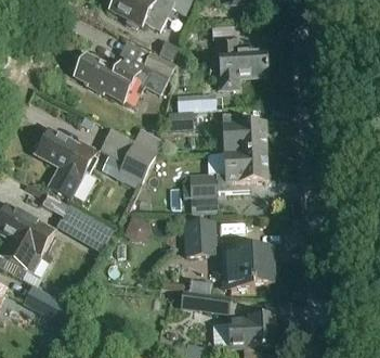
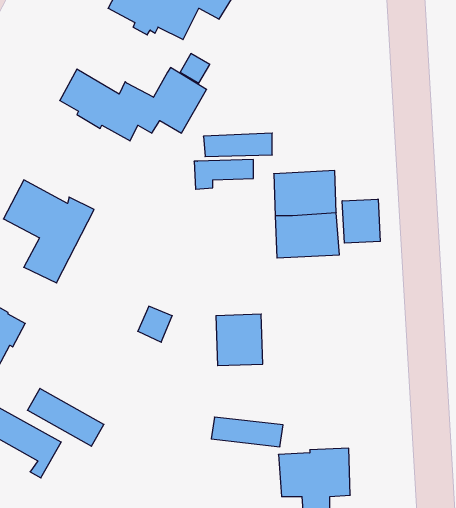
building: [217,37,268,87] -> none
building: [97,128,155,187] -> none
building: none -> [342,199,380,243]
building: [181,174,217,214] -> none
building: [58,205,112,245] -> [27,388,104,446]
building: [221,246,272,289] -> none

